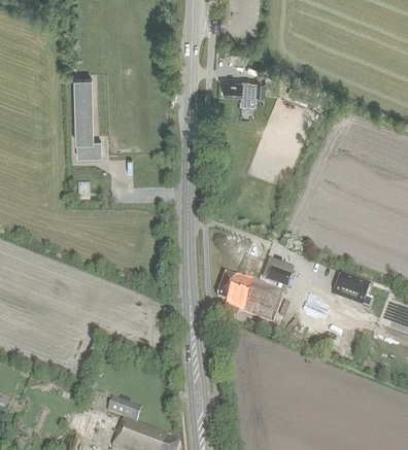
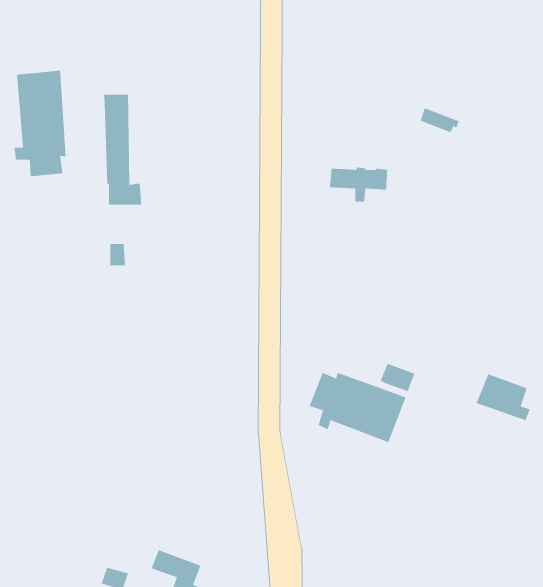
building: none -> [14,70,66,177]
building: [223,78,264,103] -> [329,167,388,202]

